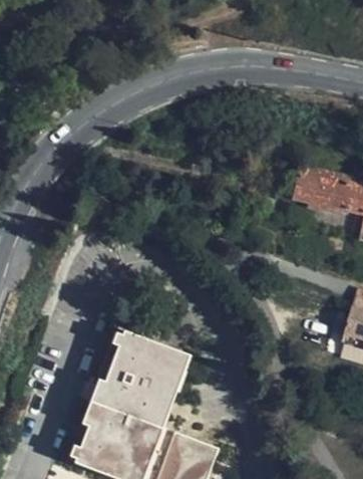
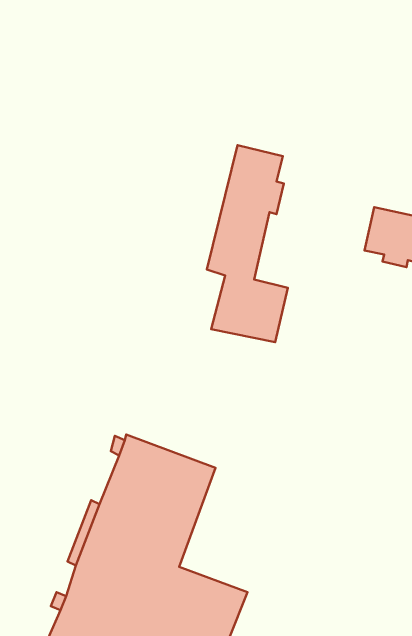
building: none -> [207,145,288,342]

